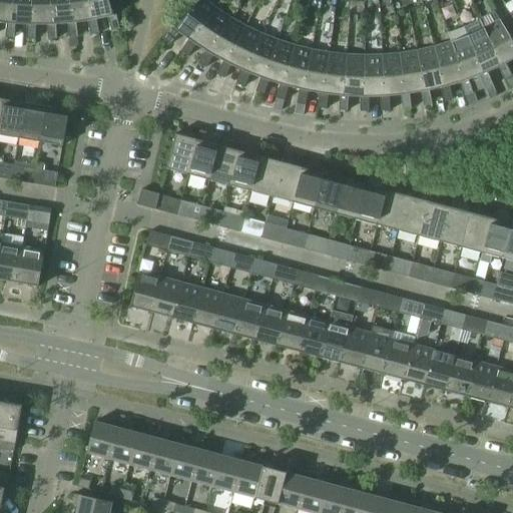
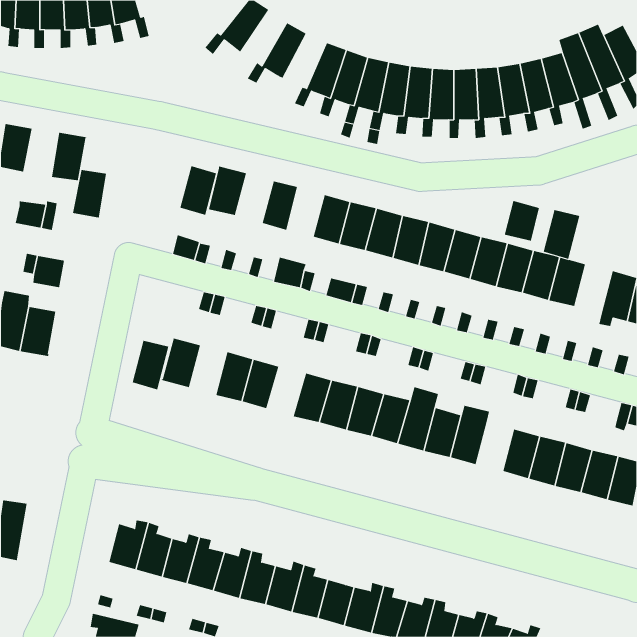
building: [181,8,230,56] -> none
building: [217,27,263,77] -> none
building: [19,103,47,142] -> [72,170,107,218]
building: [189,139,219,179] -> [180,166,217,215]
building: [230,150,261,190] -> none
building: none -> [504,200,540,242]
building: [462,212,492,252] -> [543,210,580,259]
building: [152,278,182,318] -> [132,340,169,390]
building: [214,295,245,335] -> none
building: [383,339,413,379] -> none

